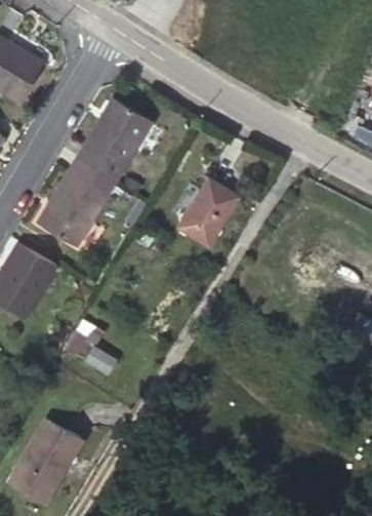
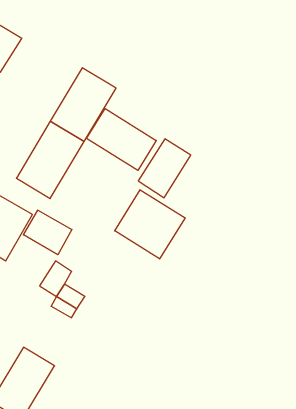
building: none -> [87,109,156,170]
building: none -> [115,190,185,259]
building: none -> [23,210,72,255]

